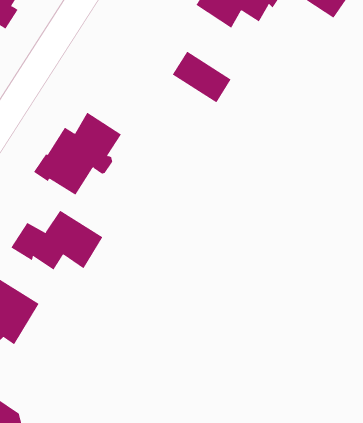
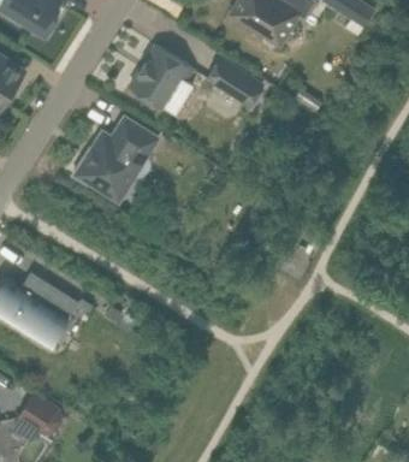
building: none -> [130,46,192,107]
building: [10,210,103,271] -> none

